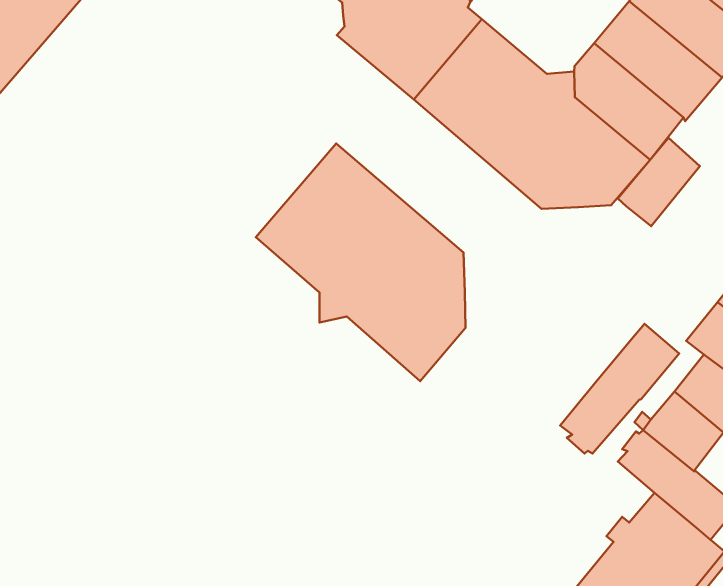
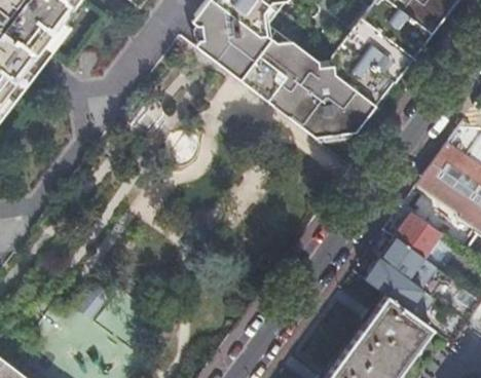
building: [618,138,700,226] -> none
building: [256,144,465,381] -> none
building: [560,324,679,454] -> none

